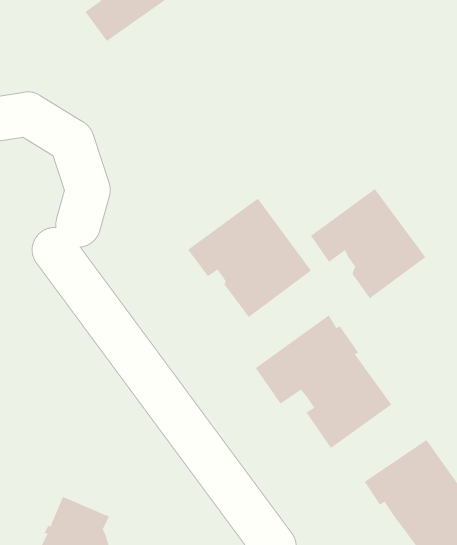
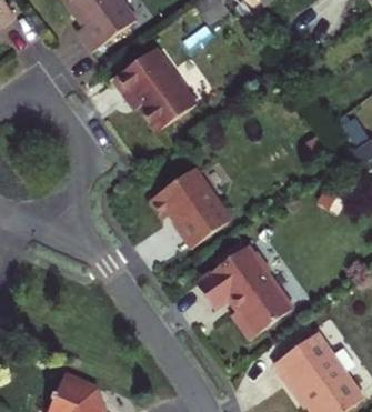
building: none -> [112,48,195,133]
building: [310,188,426,299] -> none

